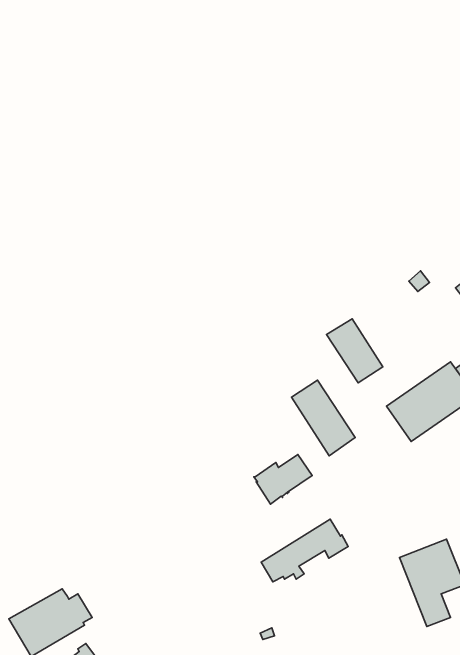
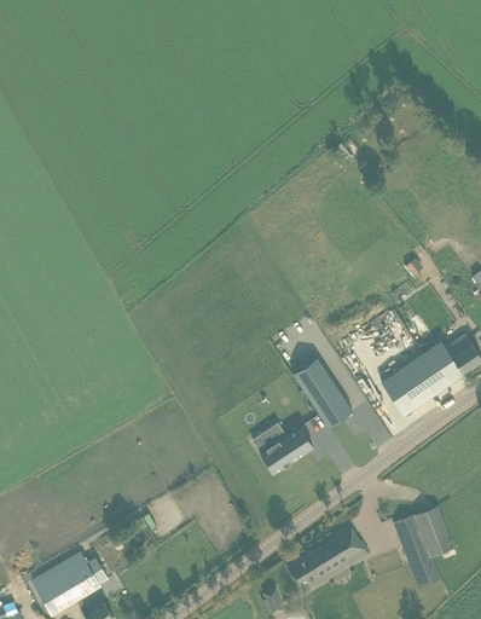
building: [327,319,383,383] -> none
building: [261,519,348,582] -> [285,525,366,583]

